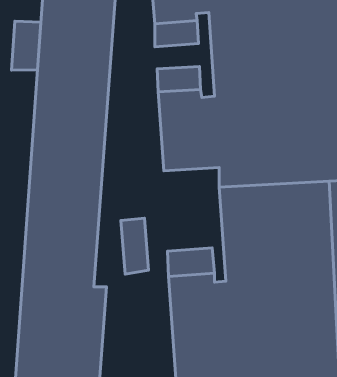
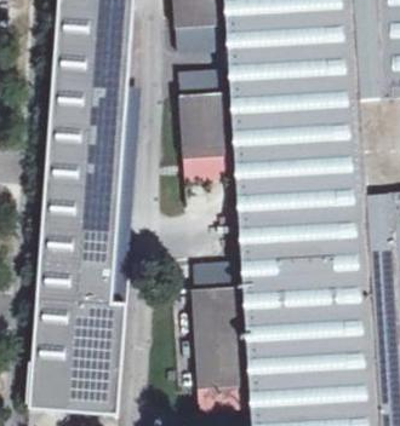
building: [11,21,41,70] -> none
building: [121,218,148,274] -> none

